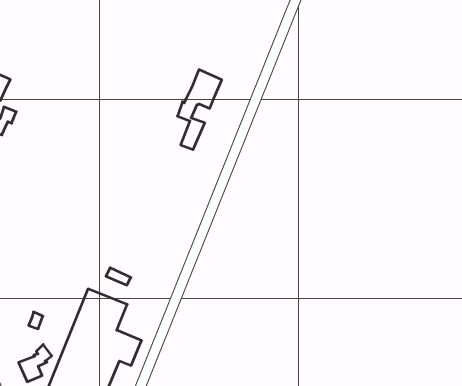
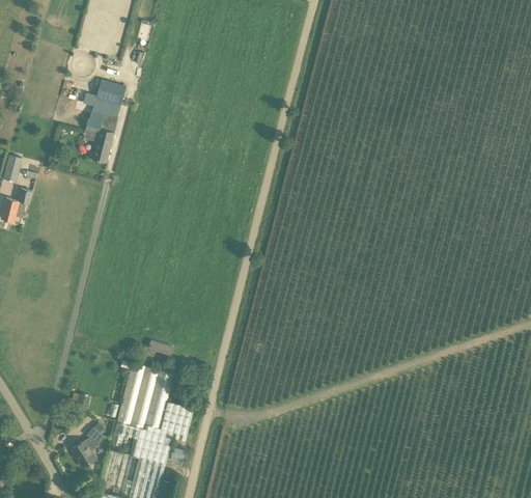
building: [177,70,222,150] -> [84,80,124,163]

